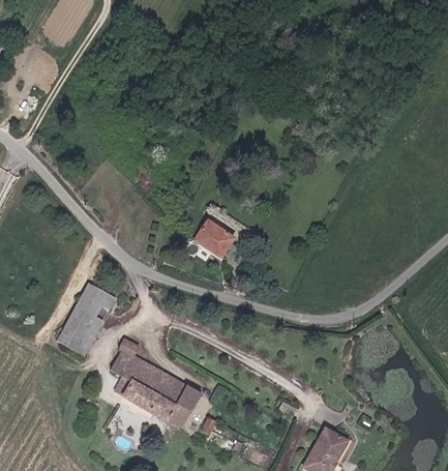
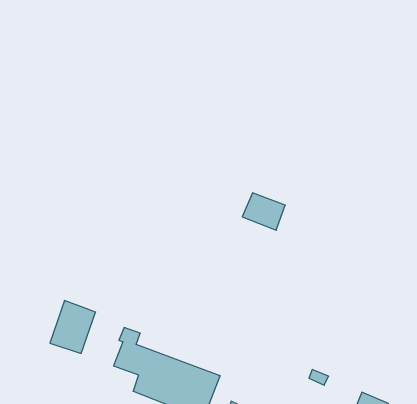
building: [195,219,234,256] -> [242,193,285,230]
building: [76,285,114,317] -> none

